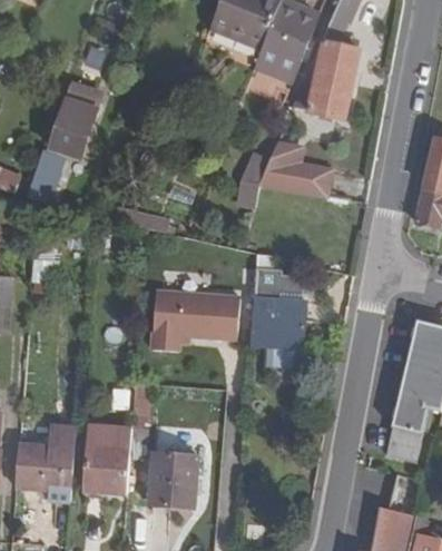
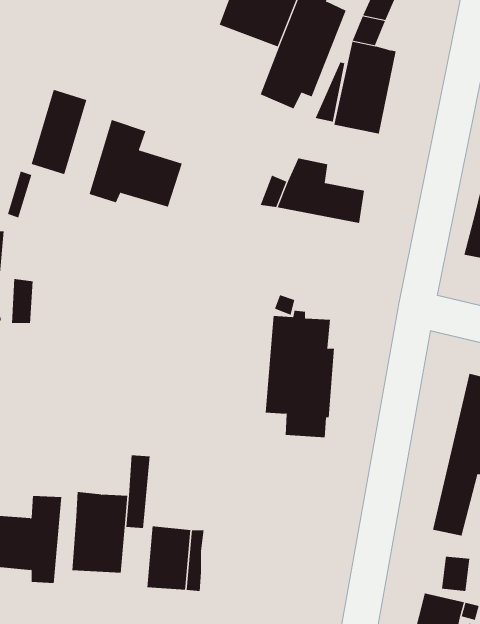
building: none -> [89,119,182,207]
building: [151,291,238,351] -> none

